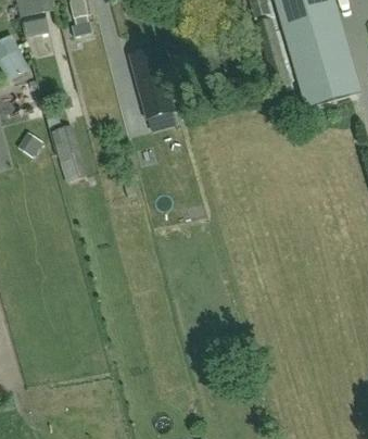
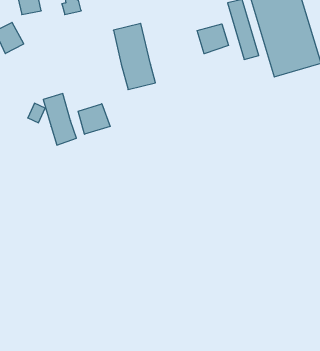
building: none -> [197,24,229,54]
building: none -> [78,104,110,134]

